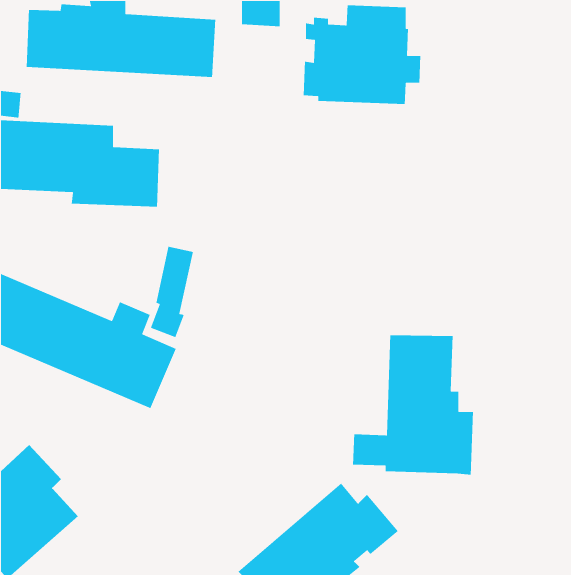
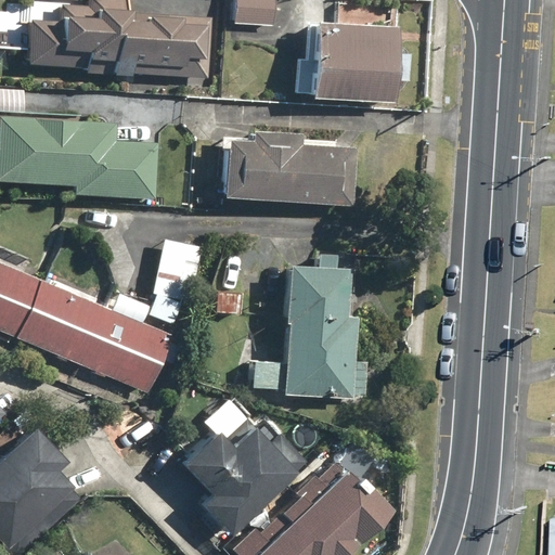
building: none -> [222,131,358,207]
building: [352,334,474,475] -> [251,264,369,400]
building: none -> [183,401,307,532]

